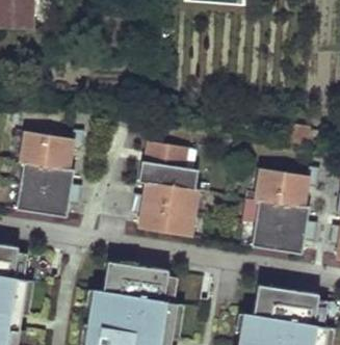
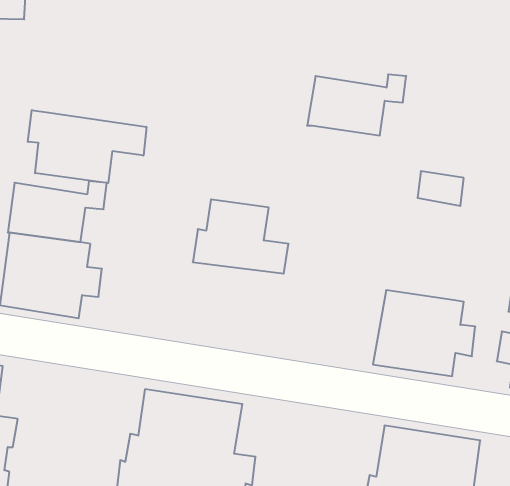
building: none -> [28,110,146,183]
building: [257,166,319,205] -> [307,74,406,135]
building: [132,182,198,236] -> none

